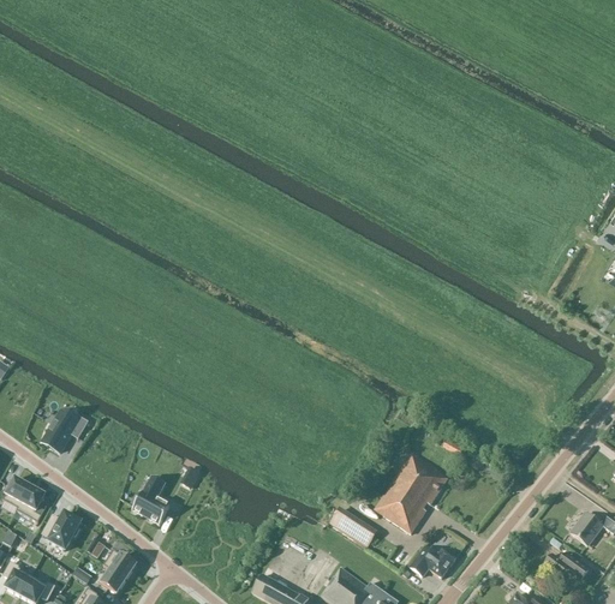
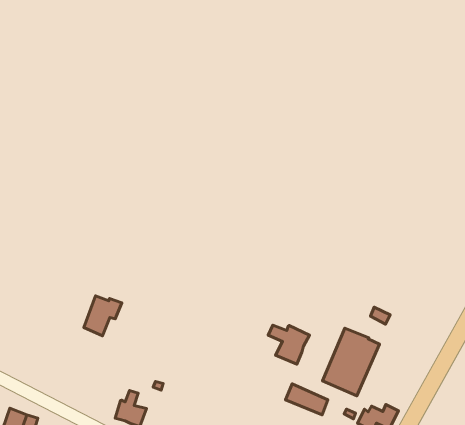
building: [42,408,90,455] -> [84,296,122,336]
building: none -> [268,325,310,364]

